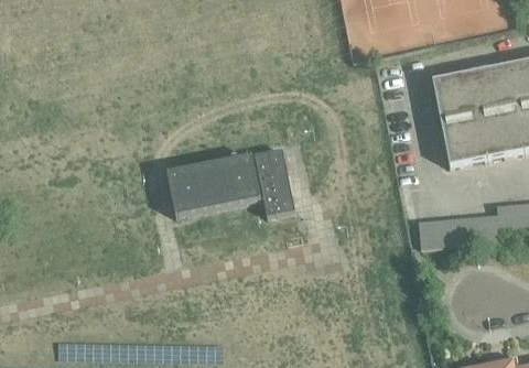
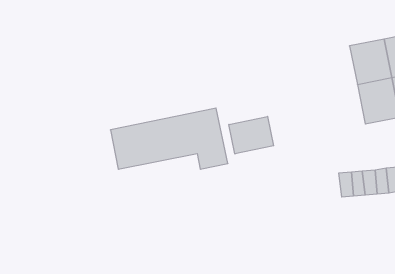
building: none -> [229,116,274,154]

